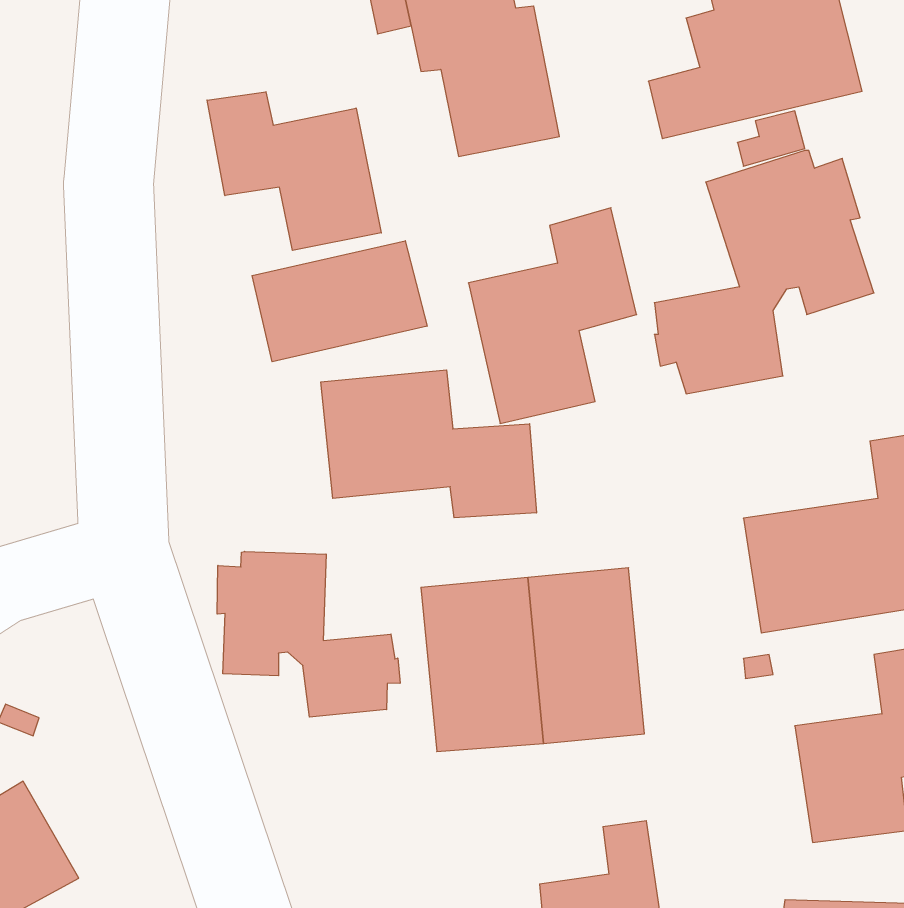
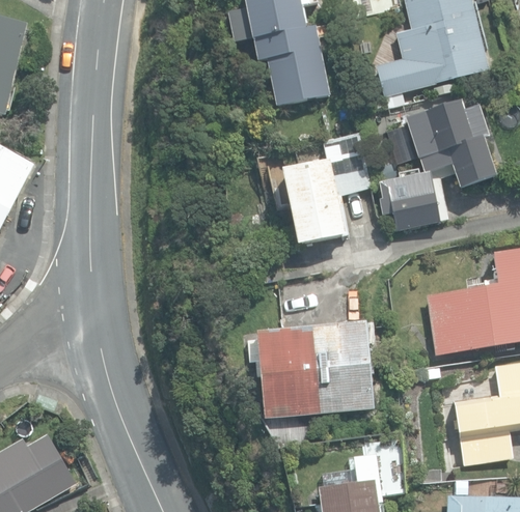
building: [207,92,381,250] -> none
building: [252,241,427,362] -> none
building: [321,370,536,518] -> none
building: [217,551,400,717] -> none

